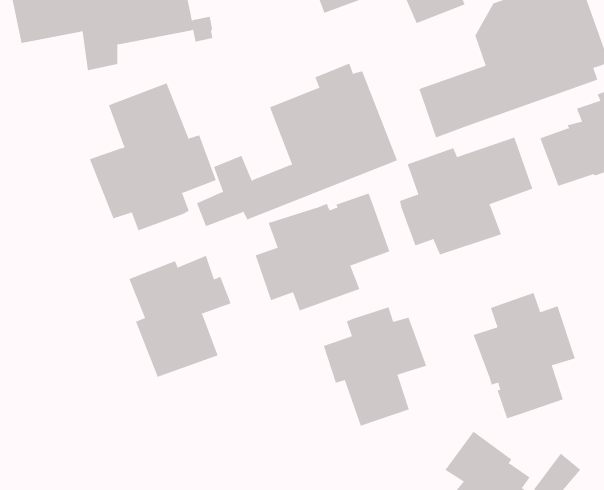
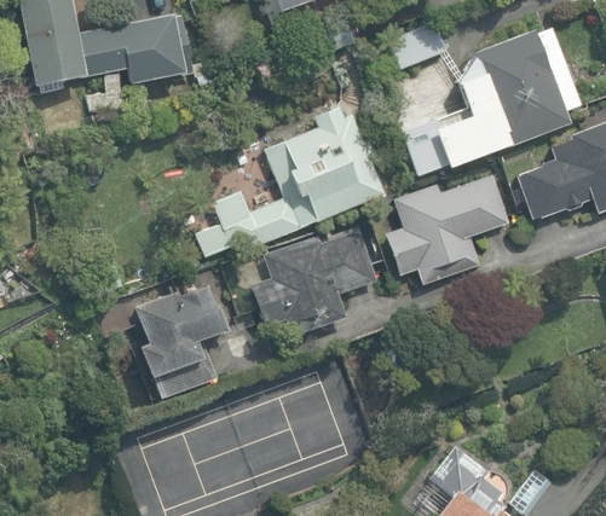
building: [89,82,216,231] -> none
building: [473,292,575,419] -> none
building: [323,306,427,427] -> none

